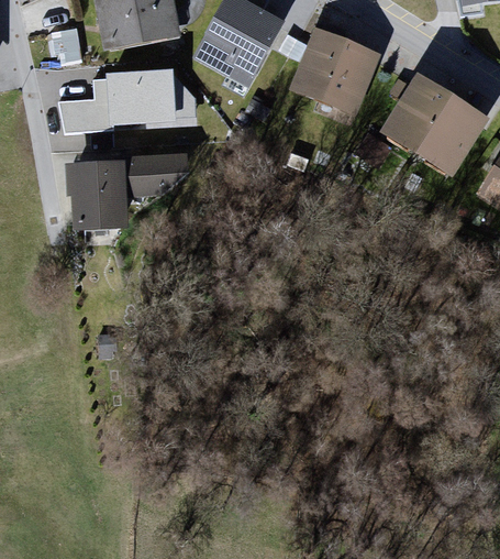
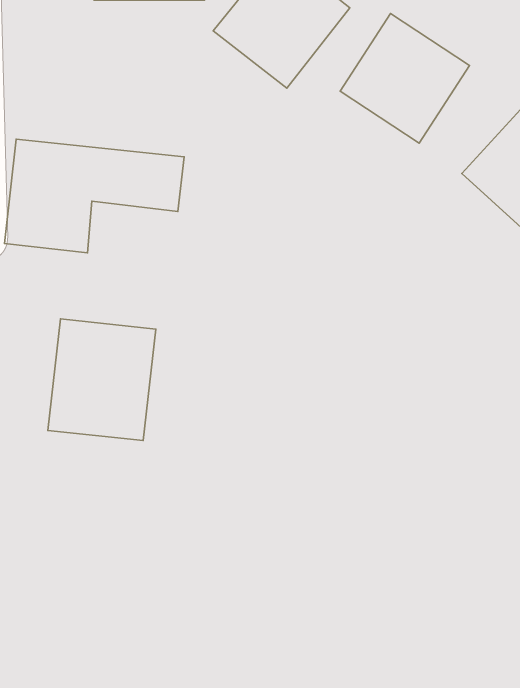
building: [59,66,191,123] -> none
building: none -> [48,319,156,441]

